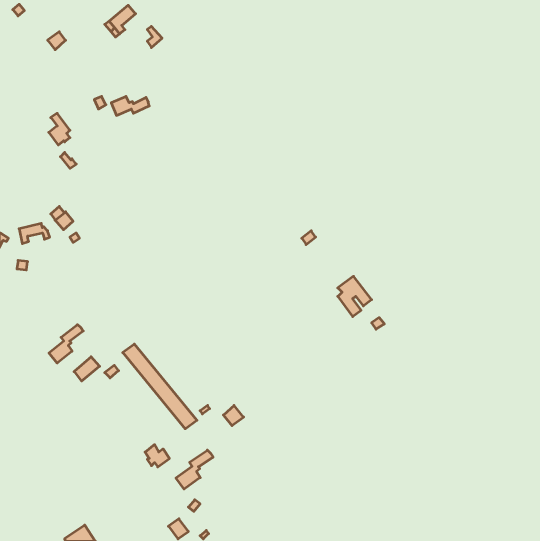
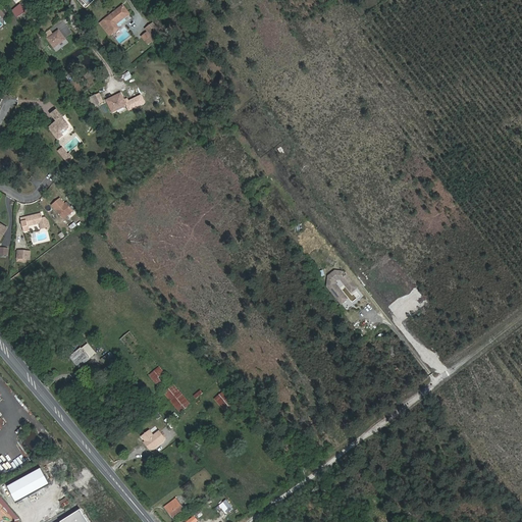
building: [49,325,83,363] -> none
building: [176,450,213,489] -> none
building: none -> [7,462,50,498]

